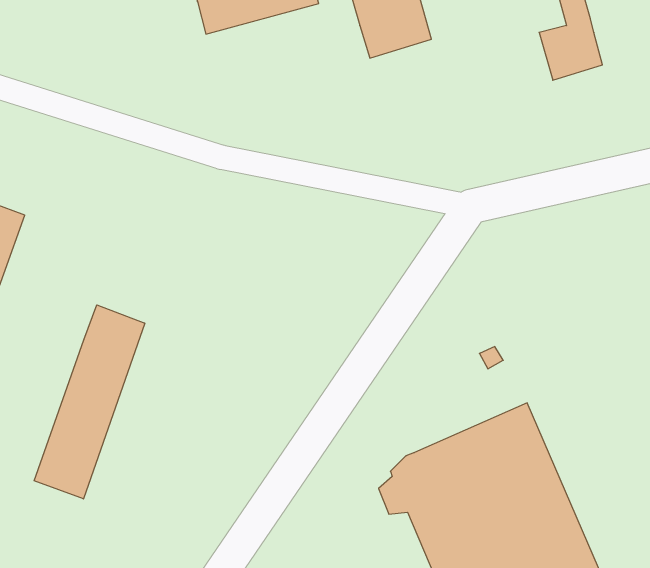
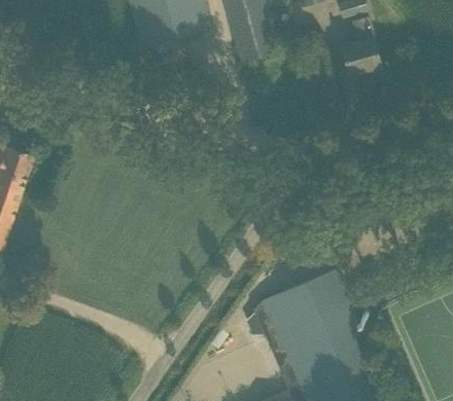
building: [34,305,145,499] -> none

